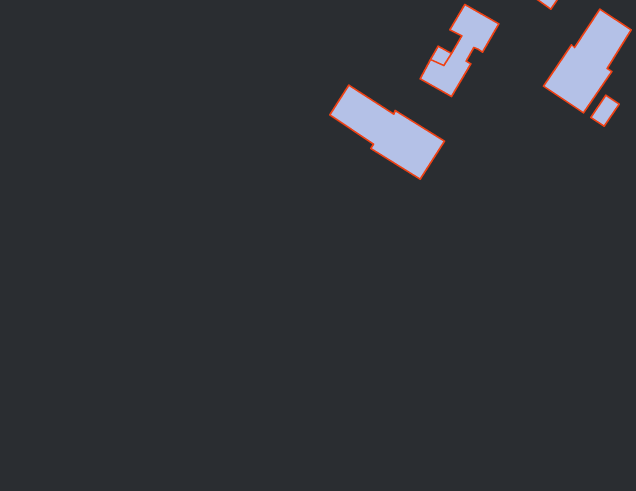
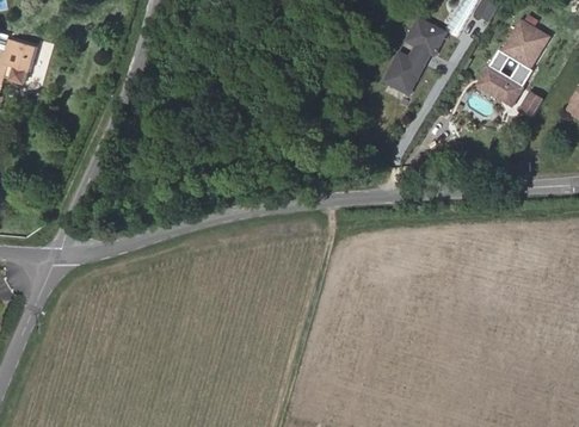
building: [330,85,444,179] -> none

